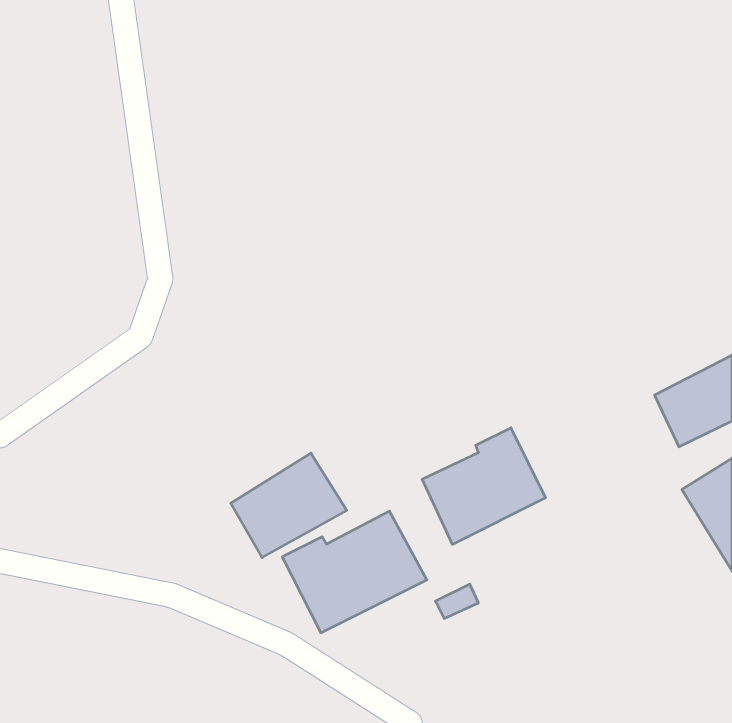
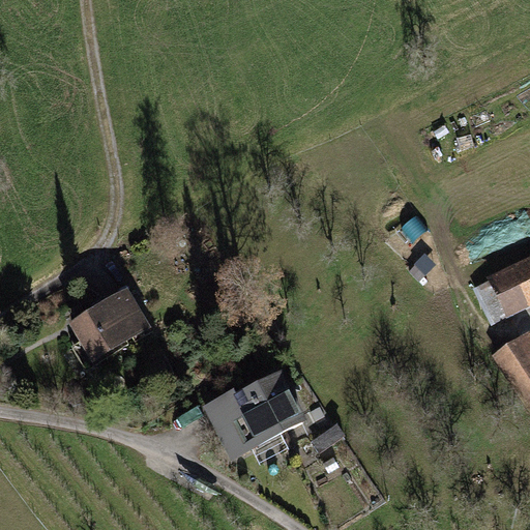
building: [422,428,545,544] -> none
building: [231,453,347,558] -> [69,287,153,362]

